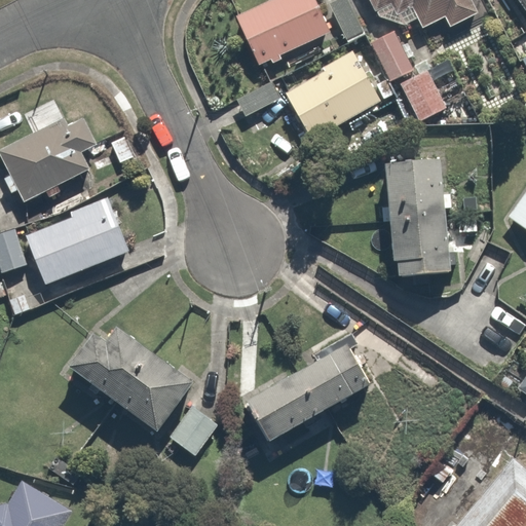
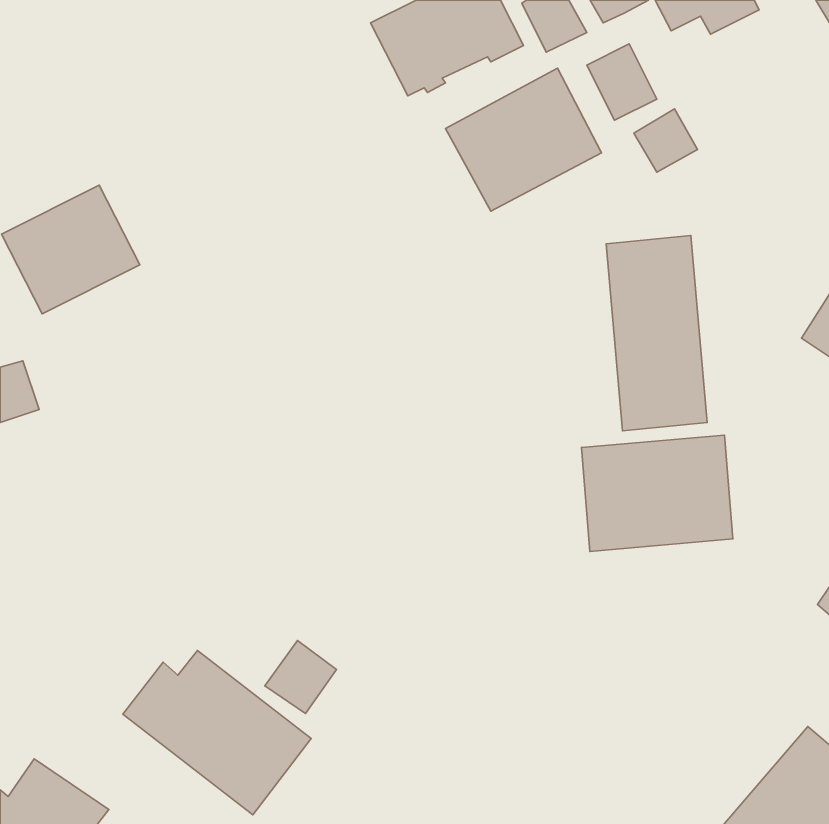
building: [27,203,129,286] -> none
building: none -> [581,435,733,551]
building: [70,324,189,427] -> [123,651,311,815]
building: [249,356,347,437] -> none

